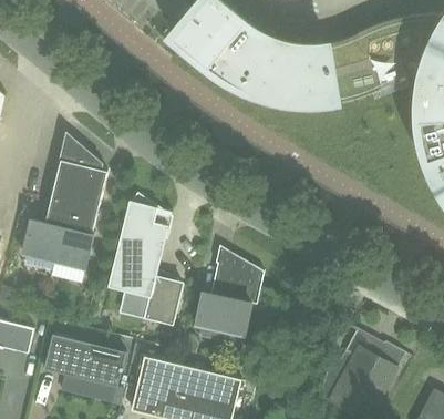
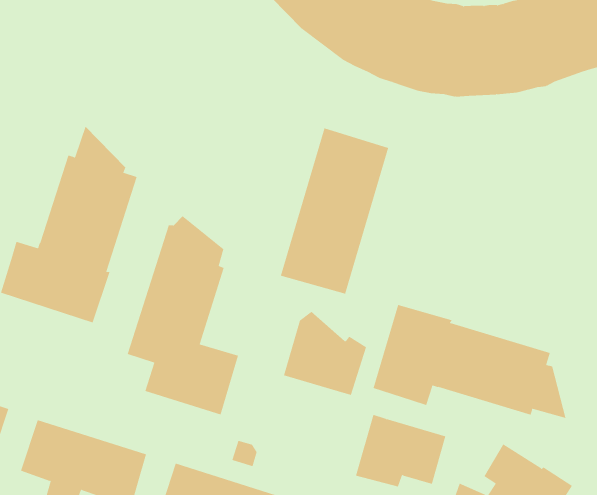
building: none -> [280,127,389,294]
building: none -> [373,304,566,419]
building: [193,293,250,339] -> [355,414,446,487]

